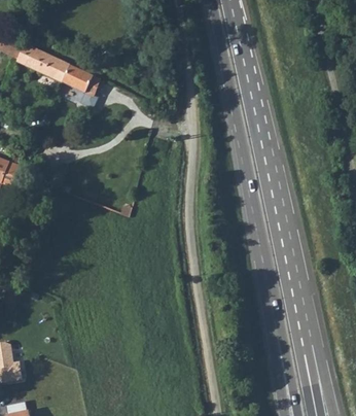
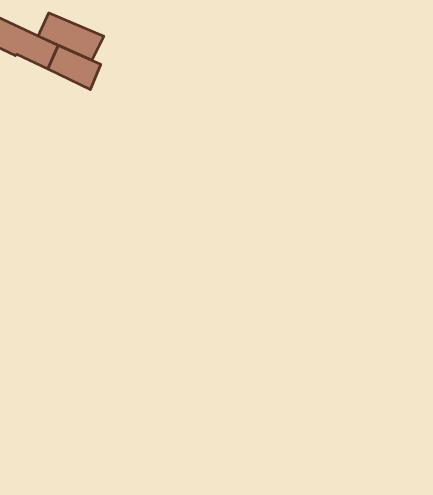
building: none -> [38,13,104,60]

